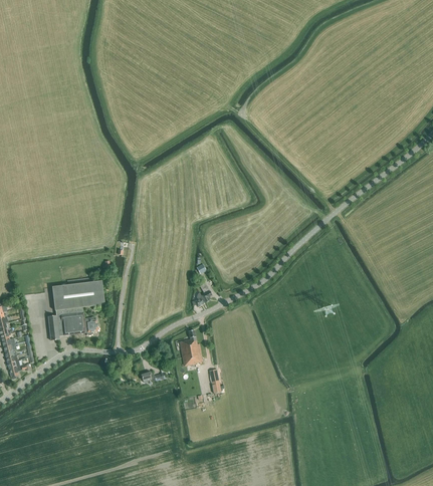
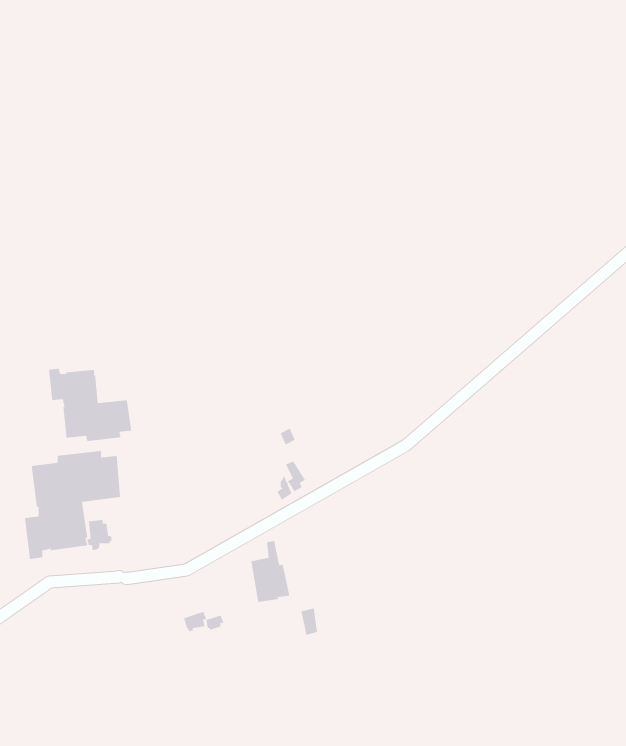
building: none -> [49,368,132,442]

